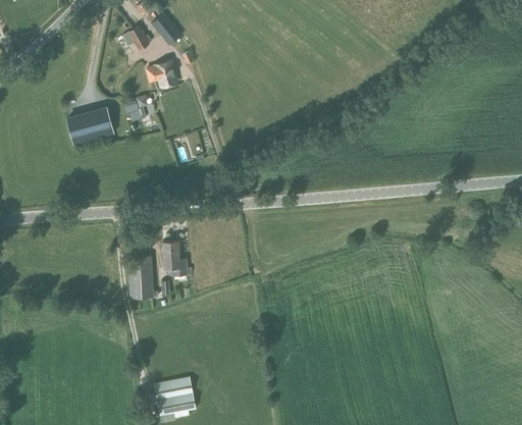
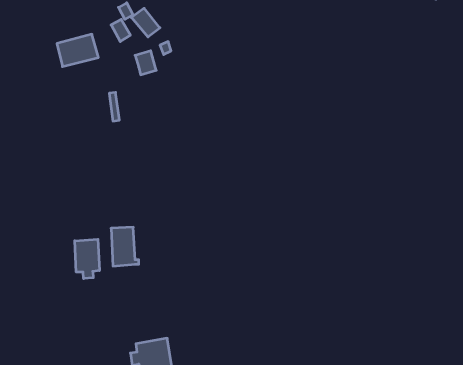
building: [67,108,113,144] -> [57,34,98,67]
building: [163,241,187,274] -> none
building: none -> [75,239,99,279]

